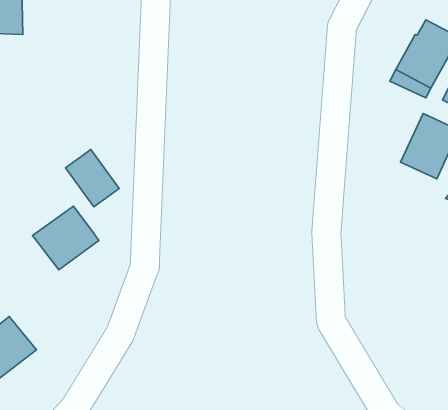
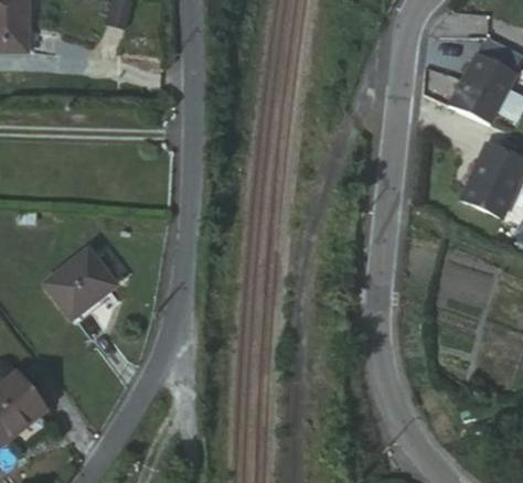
building: [66,150,119,207] -> none

